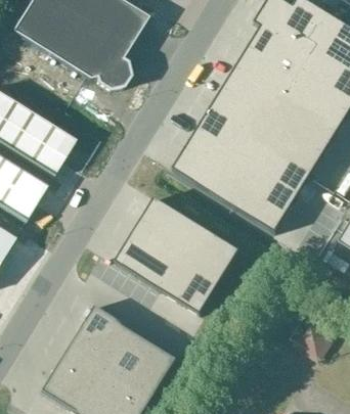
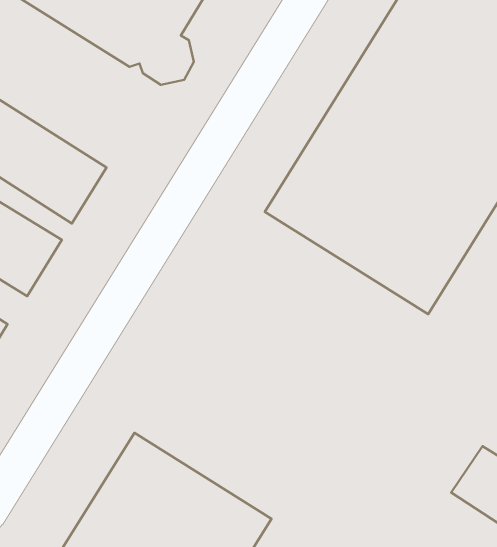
building: [116,196,238,312] -> none

